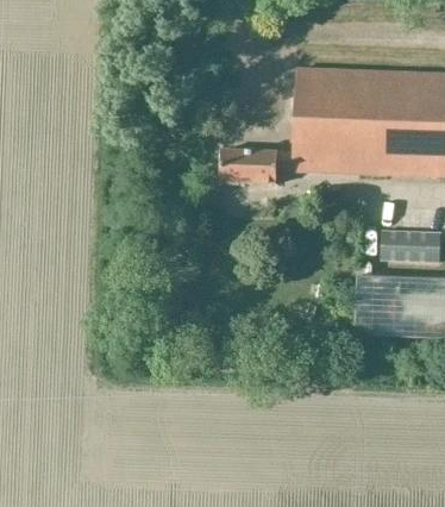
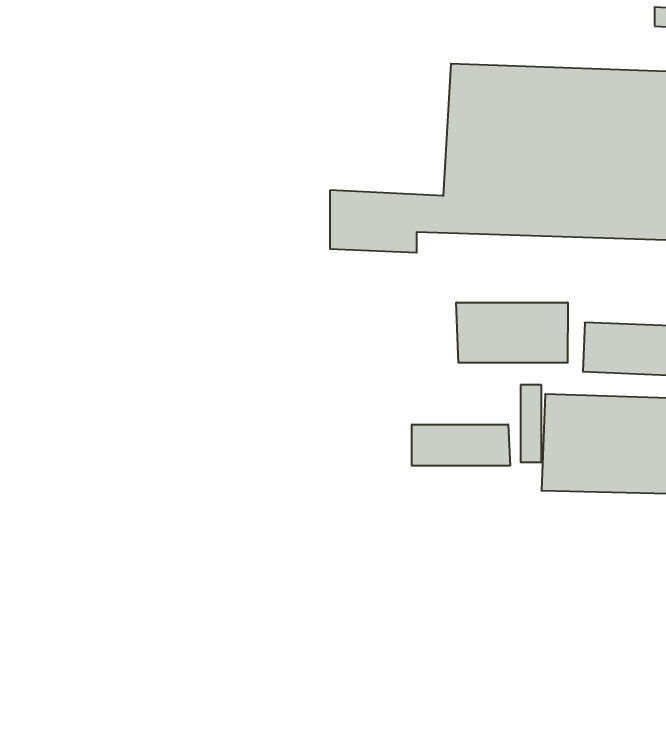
building: none -> [456,302,568,363]
building: none -> [412,424,510,466]

